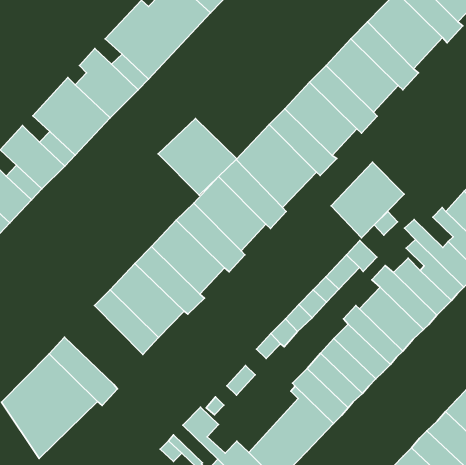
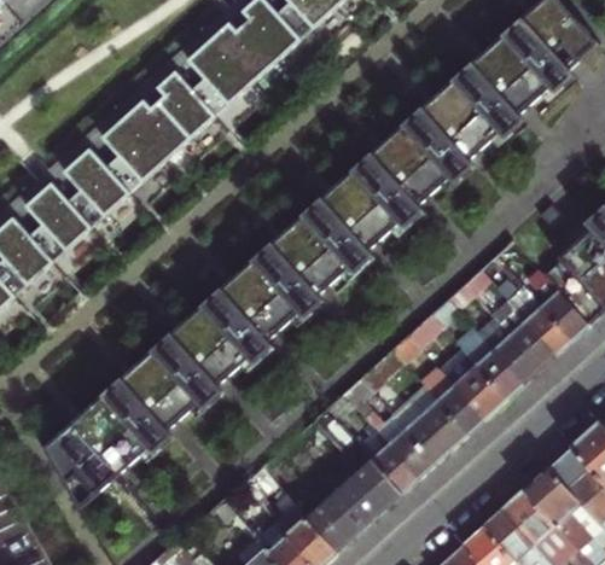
building: [158,119,237,195] -> none
building: [331,162,404,238] -> none
building: none -> [116,348,199,435]

